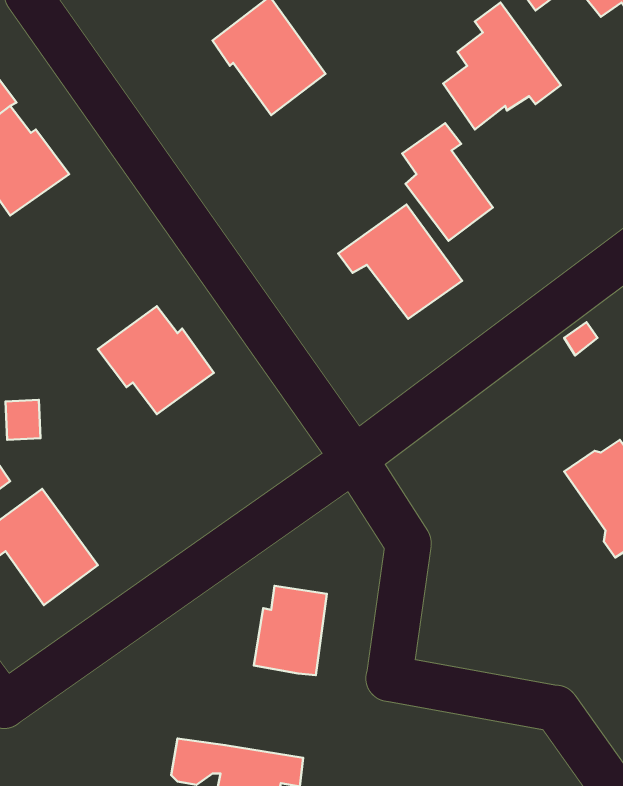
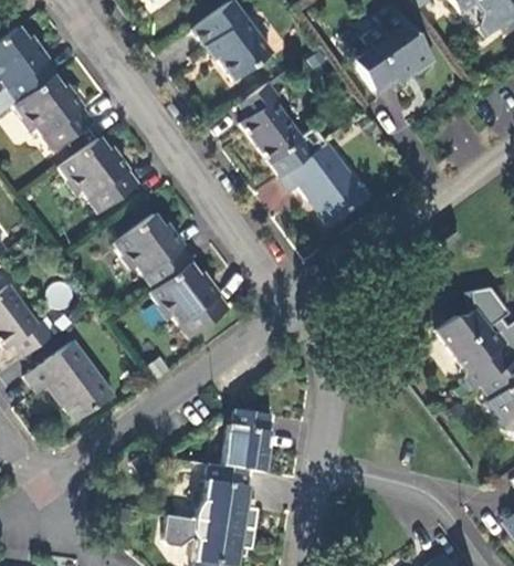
building: [402,123,493,241] -> [239,82,302,164]
building: none -> [57,137,138,212]
building: none -> [149,262,230,338]
building: none -> [201,462,259,527]

